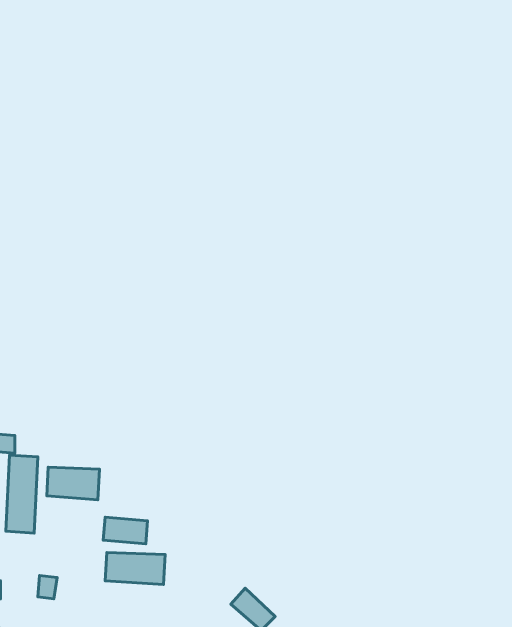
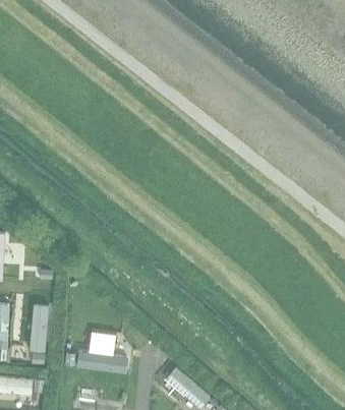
building: [47,467,99,500] -> none

